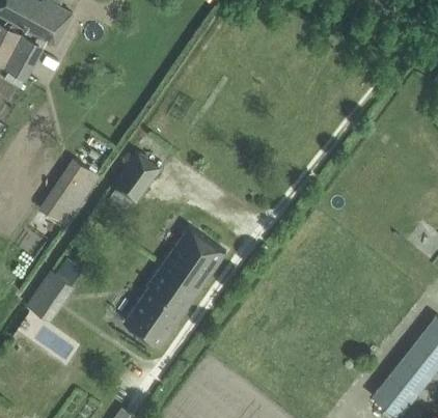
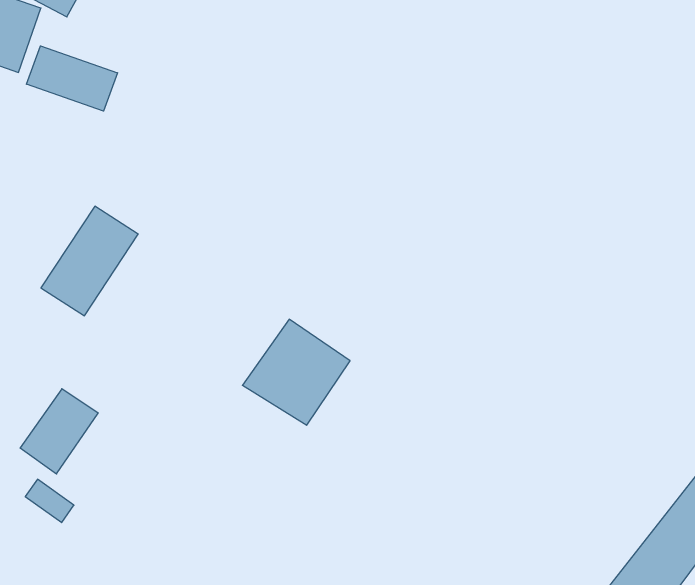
building: none -> [26,46,118,111]
building: [112,152,160,202] -> none
building: [124,267,199,347] -> none

